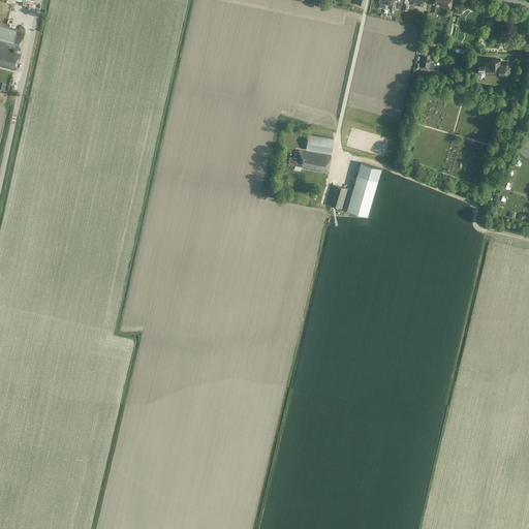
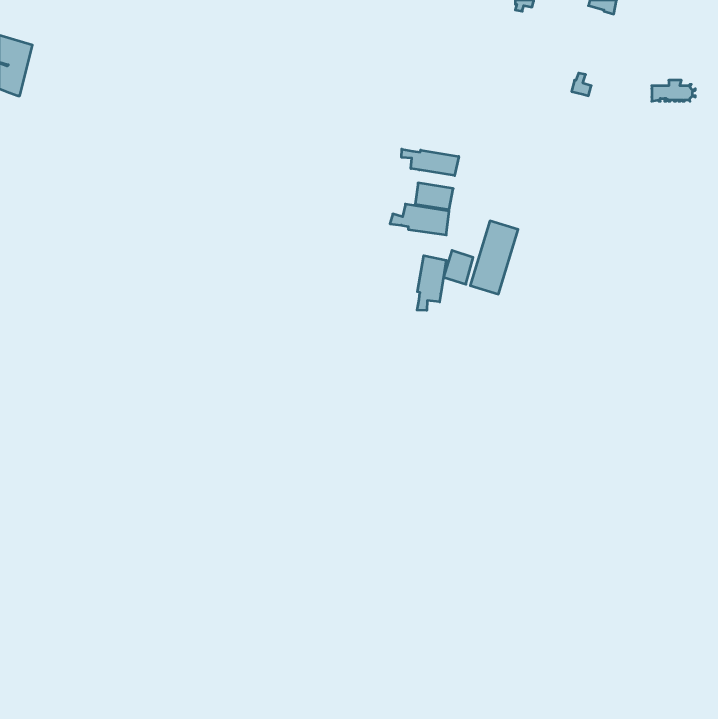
building: none -> [402,149,459,176]
building: none -> [417,256,446,310]

